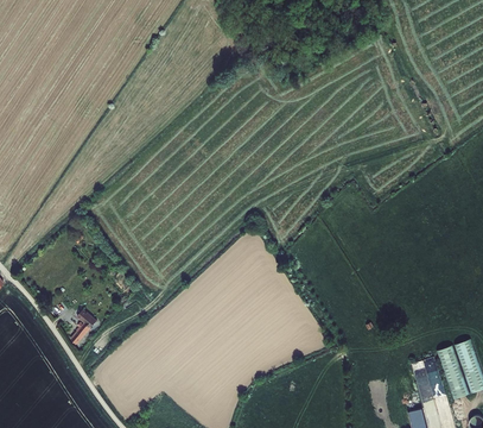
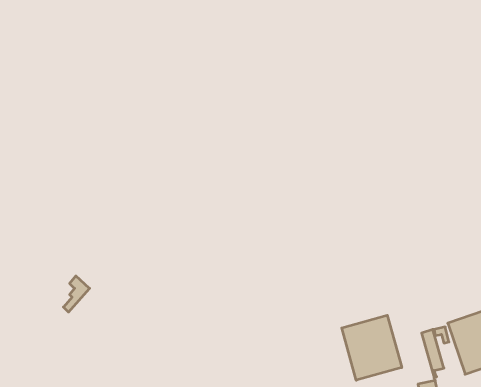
building: none -> [342,315,402,380]

